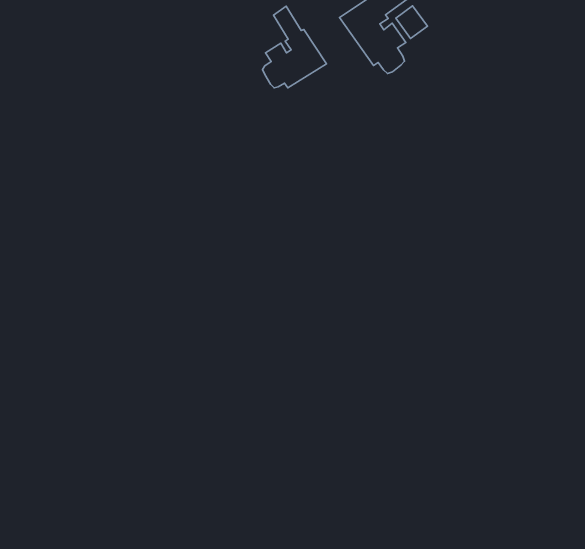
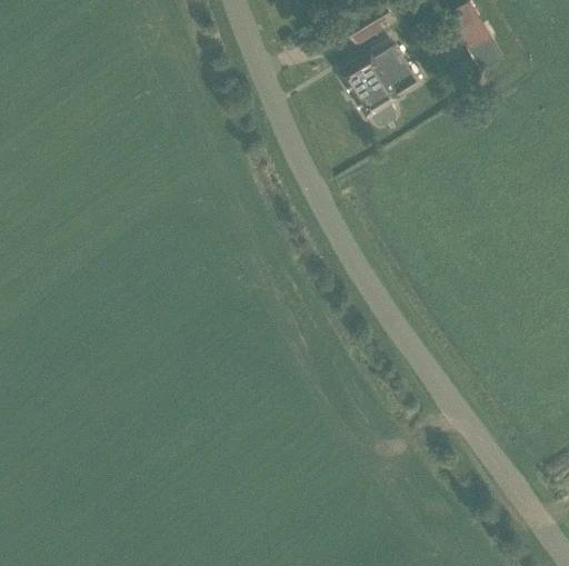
building: [263,6,327,88] -> none

